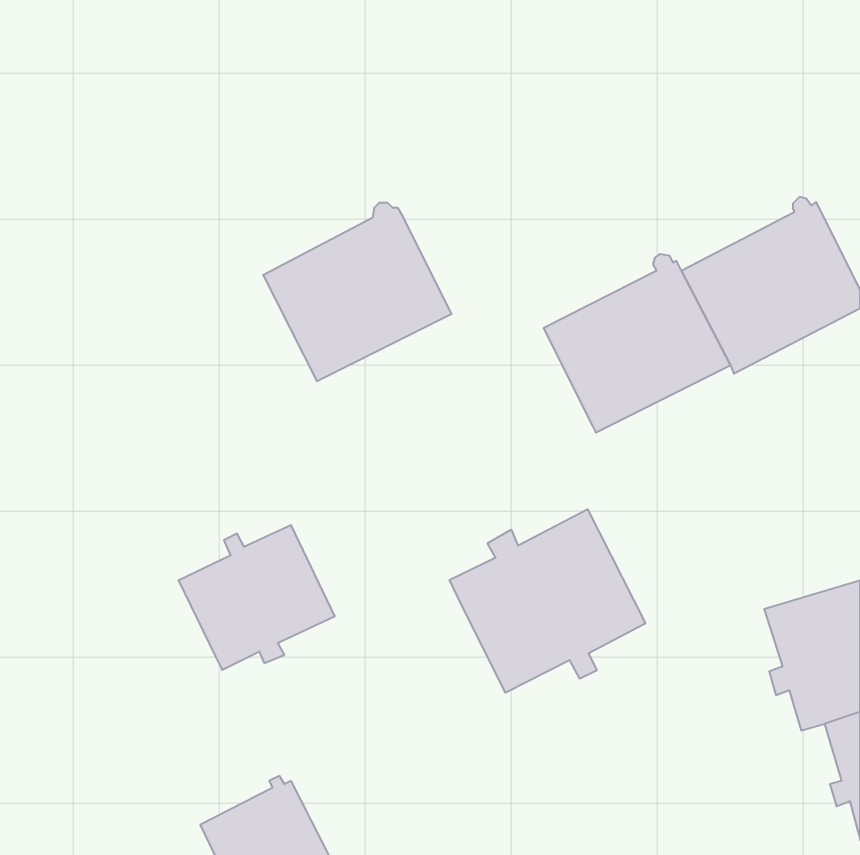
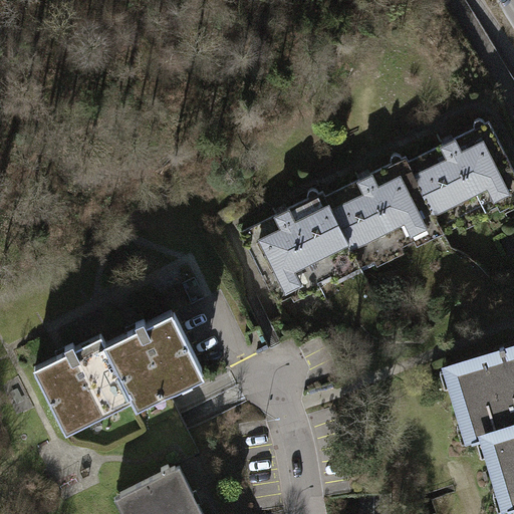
building: [263,203,452,381] -> [241,191,353,297]
building: [449,509,645,693] -> none
building: none -> [34,340,128,428]

